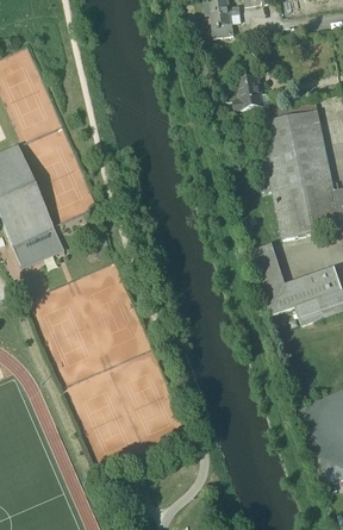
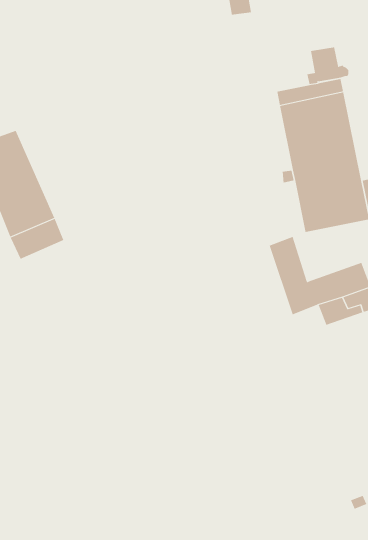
building: [232,75,272,110] -> [306,47,349,84]

